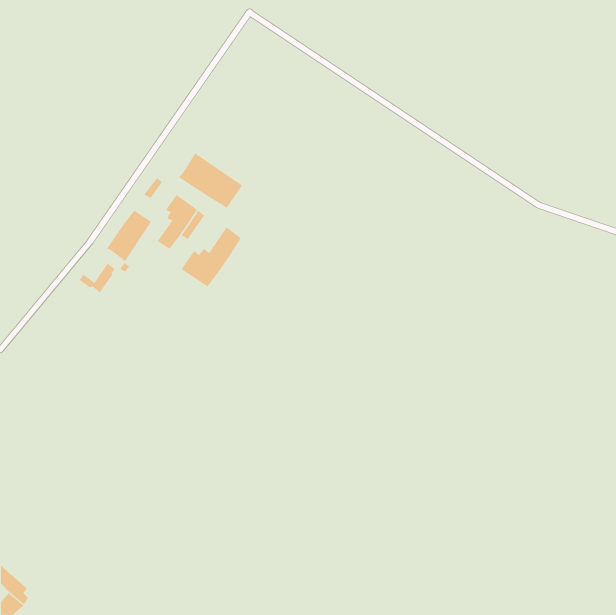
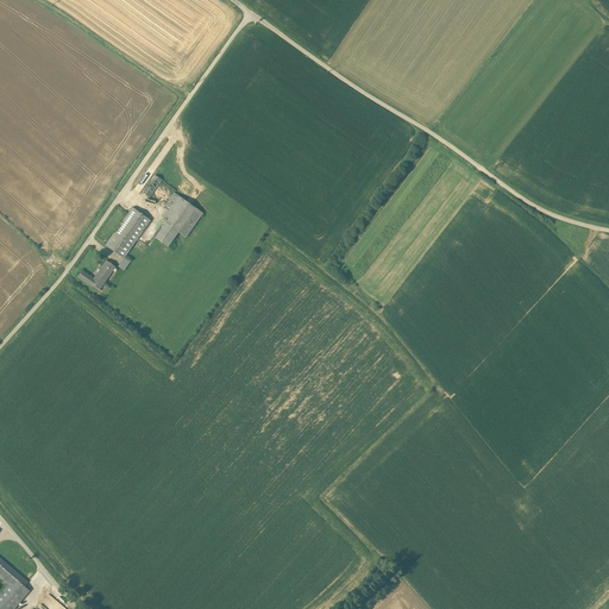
building: [178,152,243,208] -> none
building: [181,226,242,287] -> none

